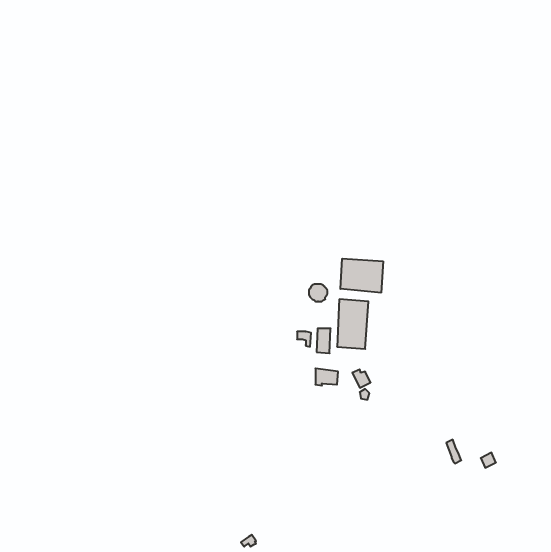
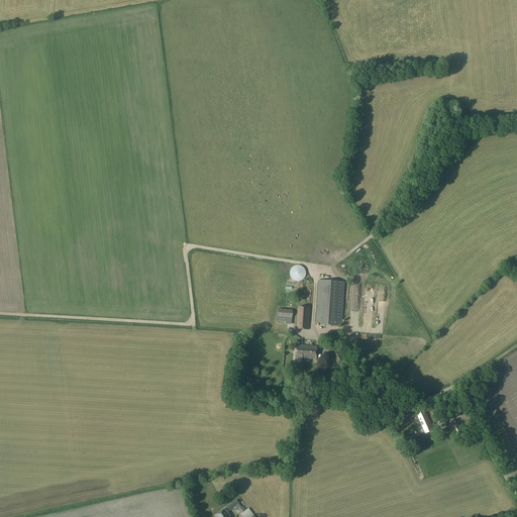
building: [340,259,383,293] -> none

